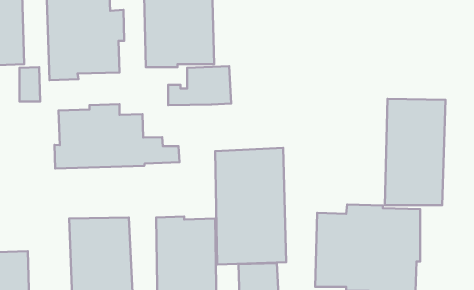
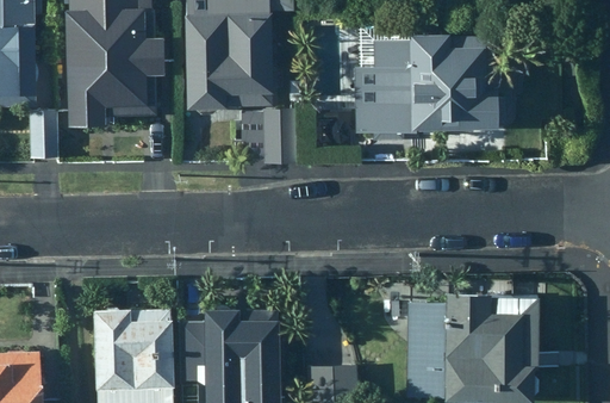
building: none -> [355,37,498,143]
building: [385,99,446,205] -> none
building: [54,104,180,169] -> none
building: [215,148,286,265] -> none

